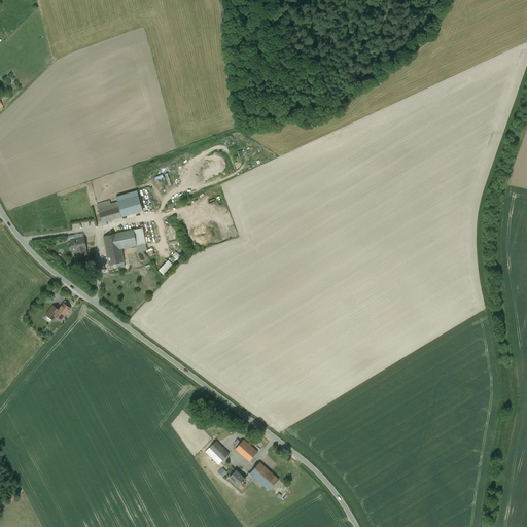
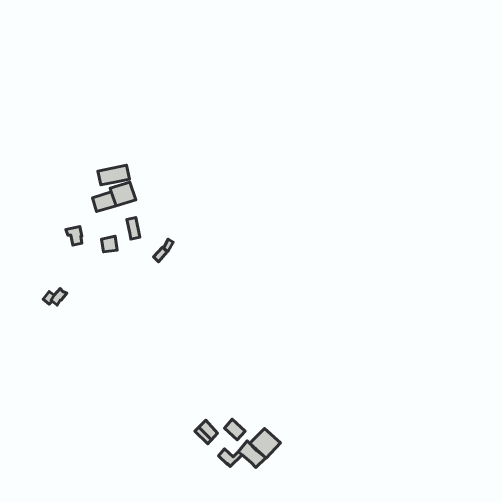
building: [103,230,136,250] -> [98,165,129,185]
building: none -> [250,428,281,458]

